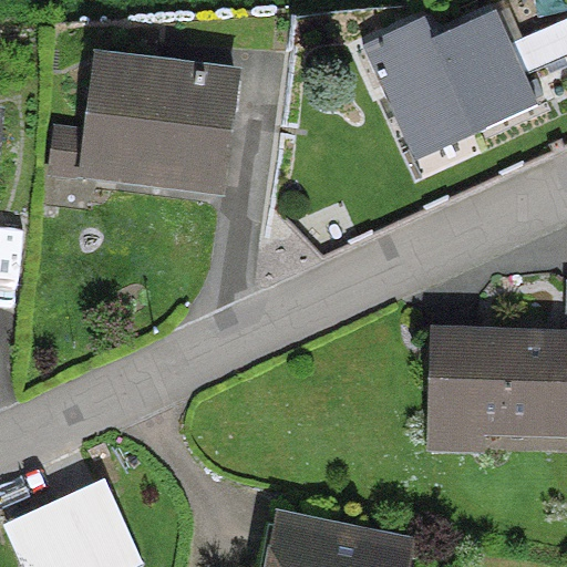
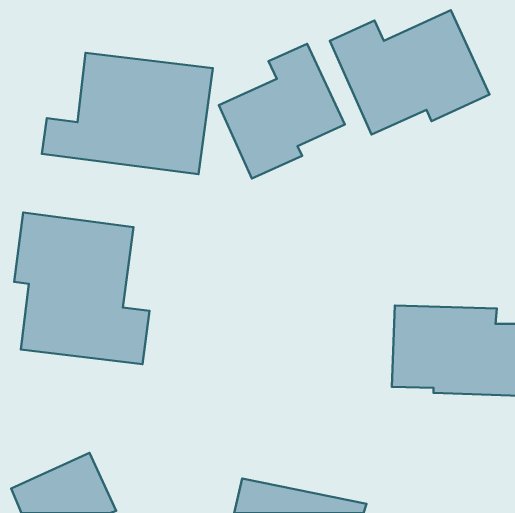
building: none -> [219,44,345,179]
building: none -> [14,213,149,364]

